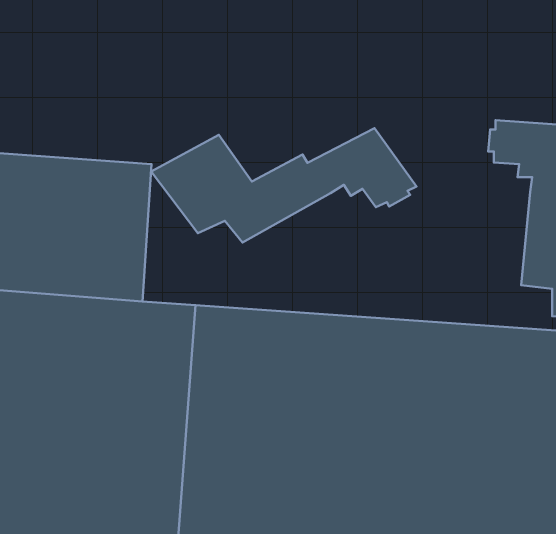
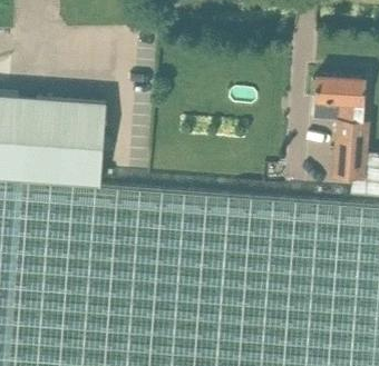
building: [151,128,417,243] -> none

